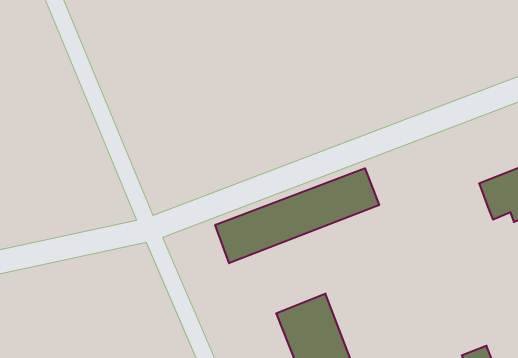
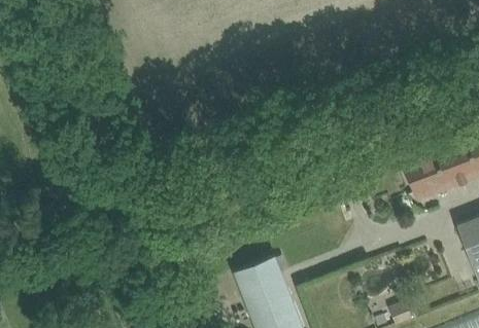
building: [215,168,379,263] -> none

